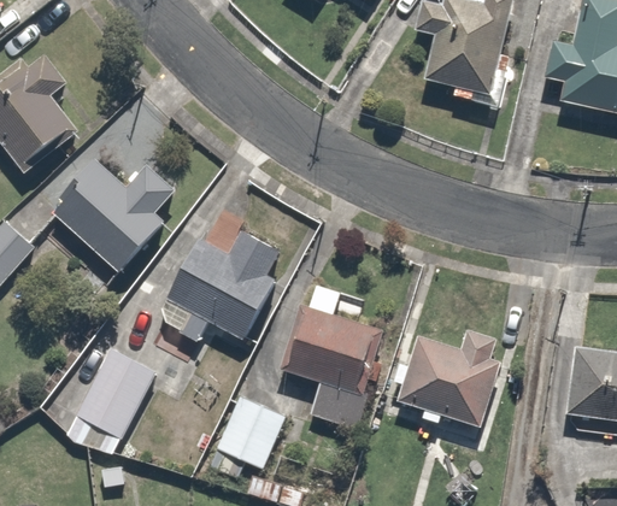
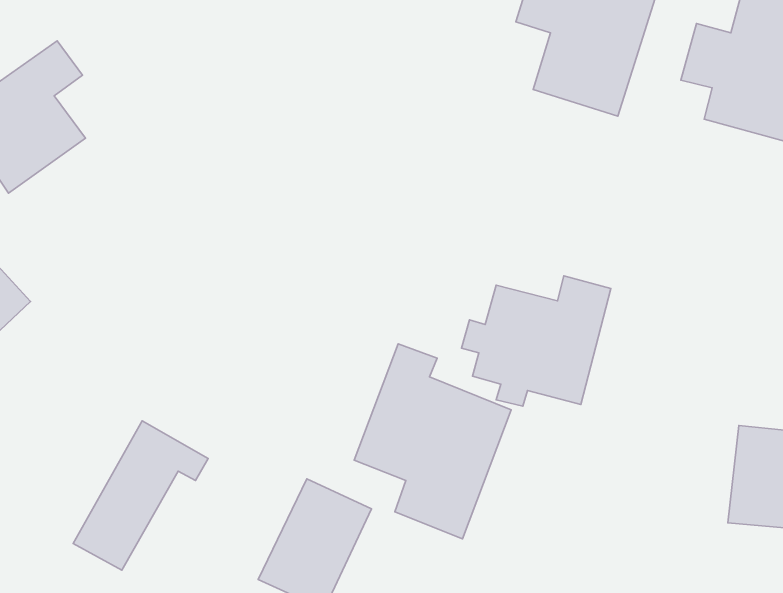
building: [48,157,174,277] -> none
building: [151,230,293,343] -> none
building: [393,328,507,428] -> [462,276,611,406]

